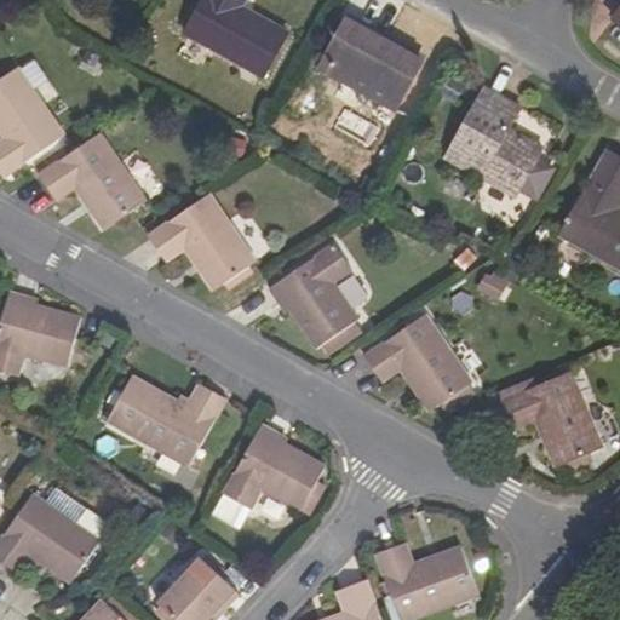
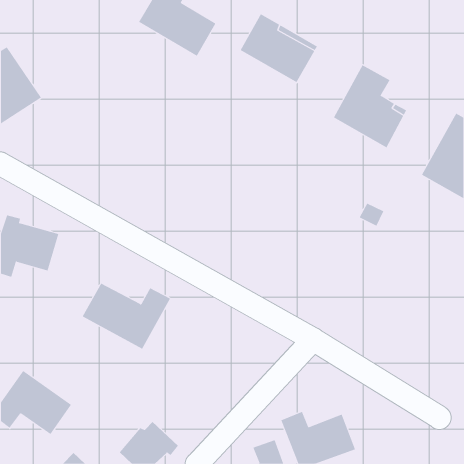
building: [33,127,139,222] -> none
building: [147,193,252,286] -> none
building: [269,243,358,348] -> none
building: [362,316,469,411] -> none
building: [513,371,610,465] -> none
building: [224,423,326,509] -> none

